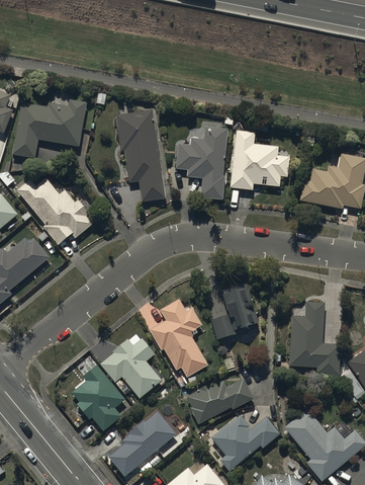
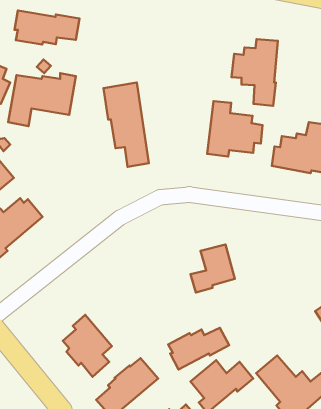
building: none -> [15,11,80,44]
building: [177,127,227,199] -> [231,39,278,106]
building: [17,177,94,245] -> none
building: [149,298,208,377] -> none
building: [289,300,342,375] -> none
building: [100,338,162,397] -> none

